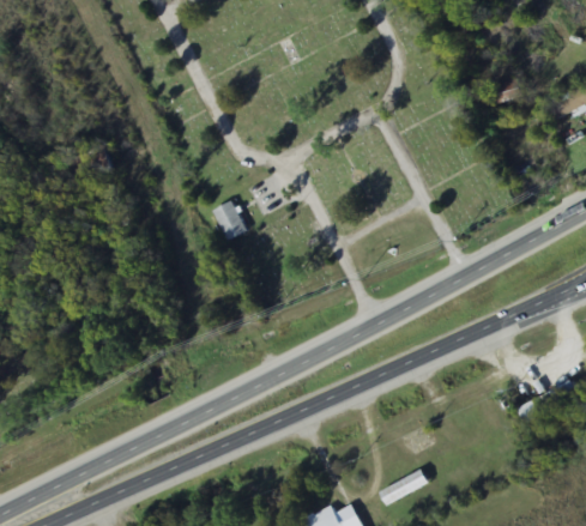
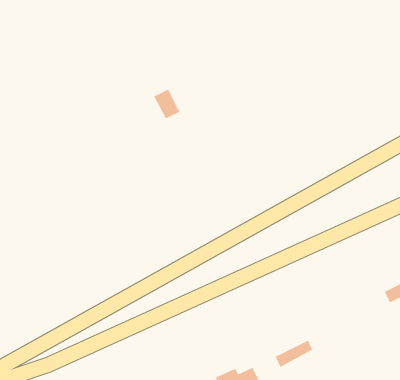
building: [212,200,247,240] -> [153,88,181,120]

